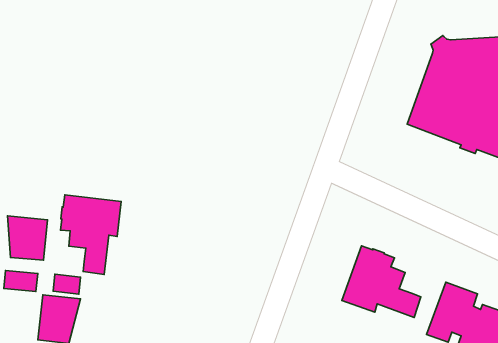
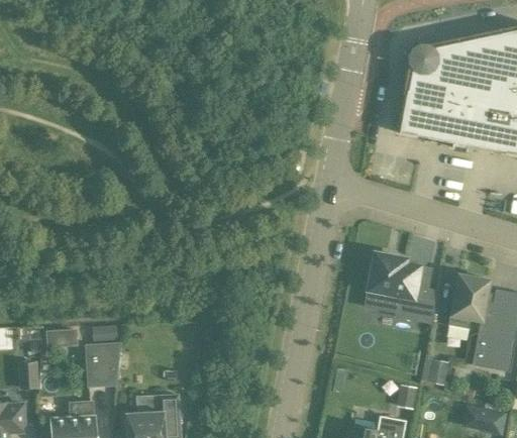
building: [61,195,121,275] -> none
building: [7,216,47,260] -> none

